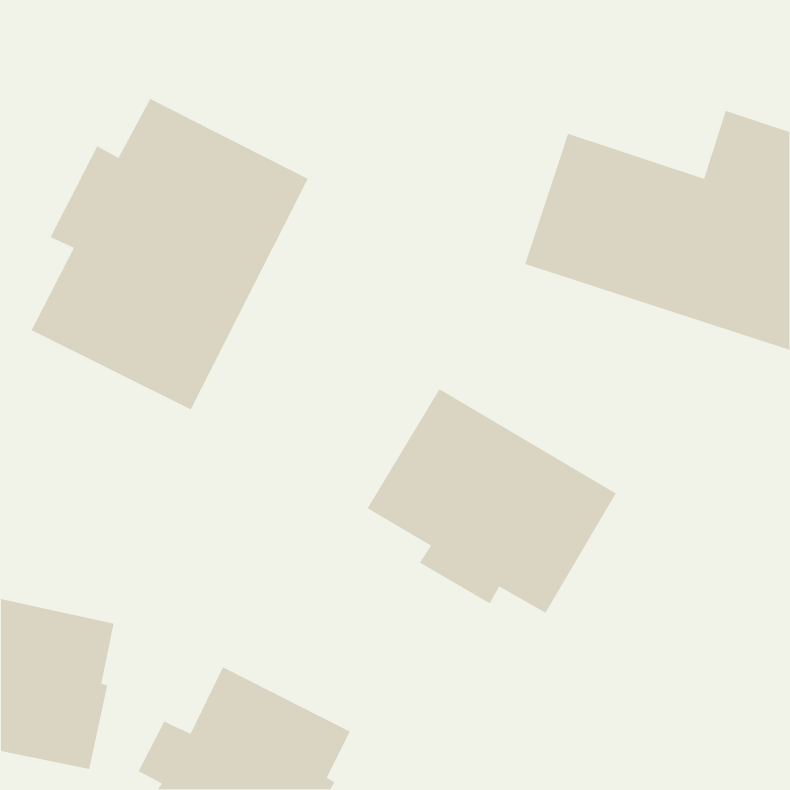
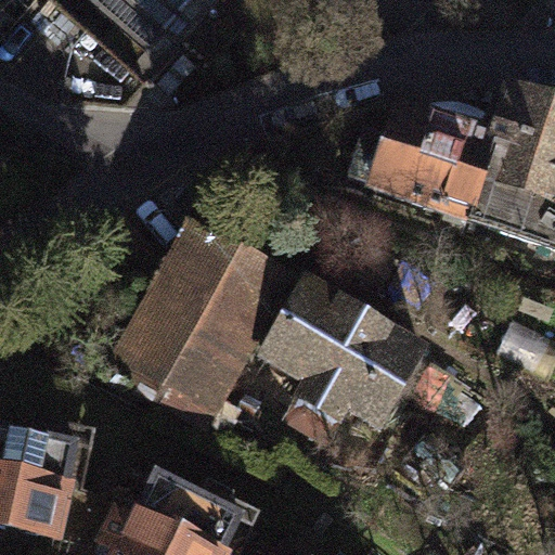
building: [31,98,309,410] -> none
building: none -> [111,216,293,418]

